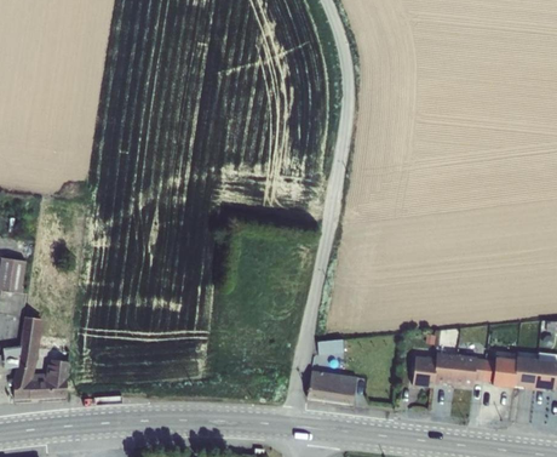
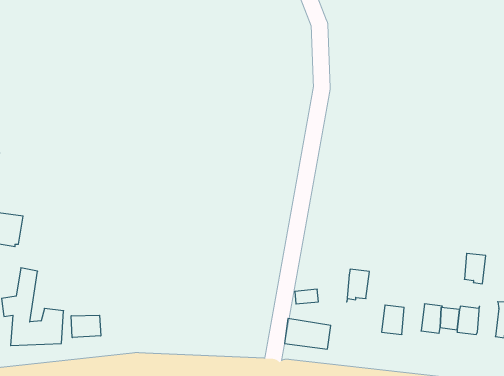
building: [433,353,458,388] -> [347,269,369,302]
building: [515,358,538,390] -> [464,253,486,284]
building: none -> [71,315,101,338]

